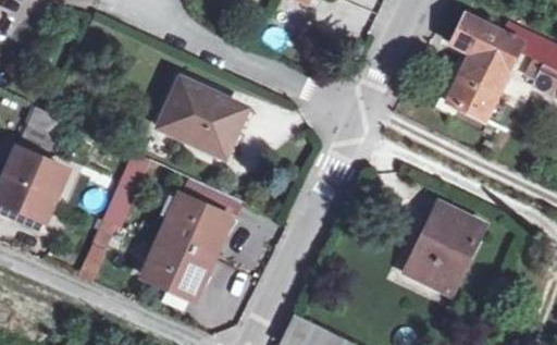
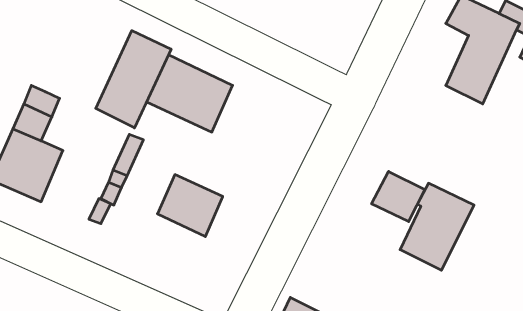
building: none -> [96,31,171,128]
building: none -> [372,171,425,222]
building: [145,234,211,309] -> none

